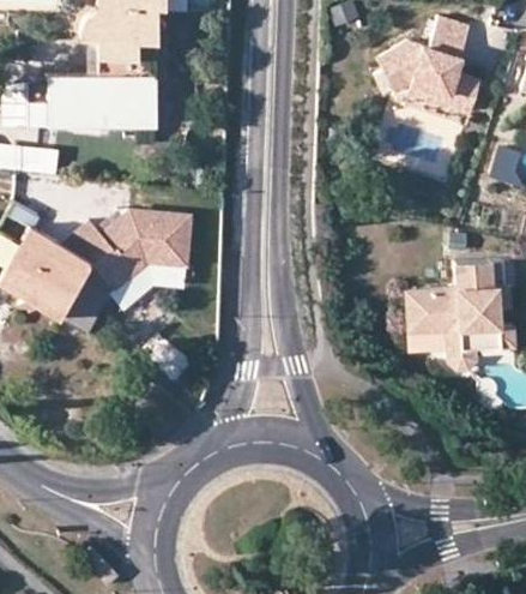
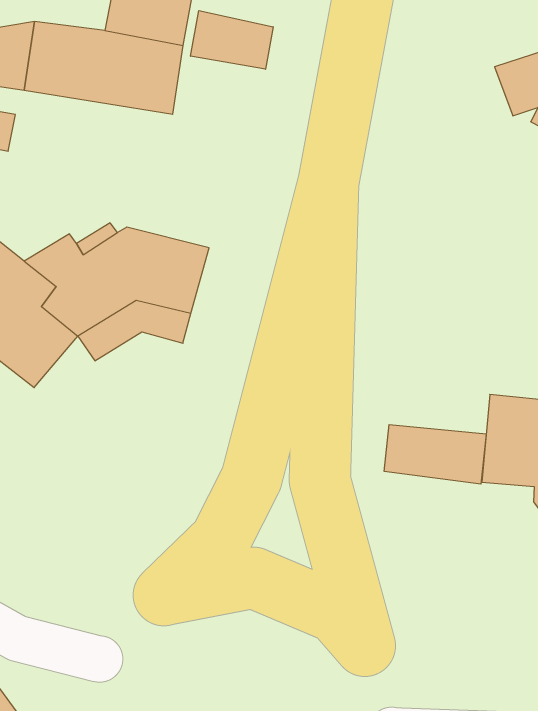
building: none -> [191,11,273,69]
building: none -> [384,425,486,484]

